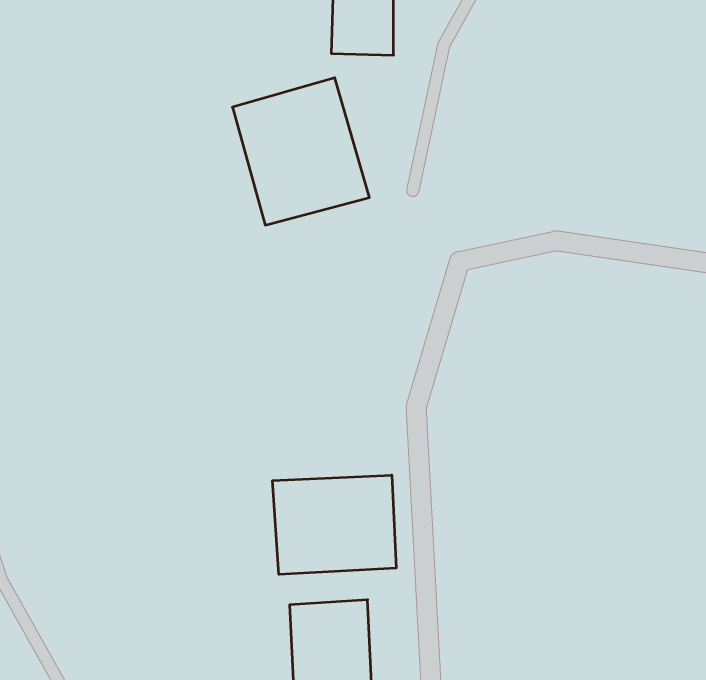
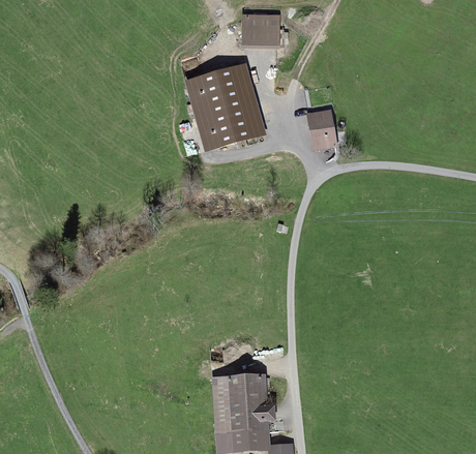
building: none -> [306,109,336,151]
building: [273,475,396,574] -> none

